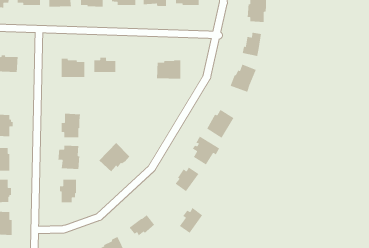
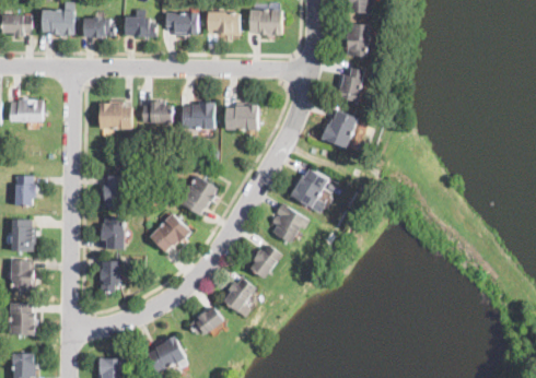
building: none -> [182,103,214,129]
building: none -> [178,175,218,216]
building: [179,207,203,234] -> [223,277,255,312]

